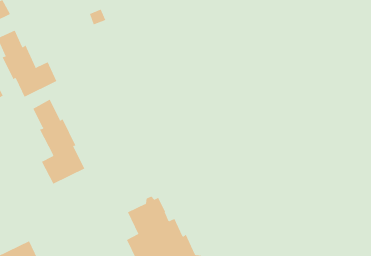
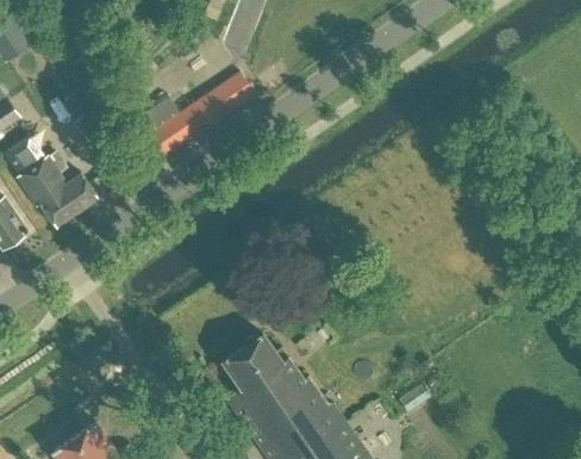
building: none -> [138,73,254,156]
building: [32,99,85,184] -> none

